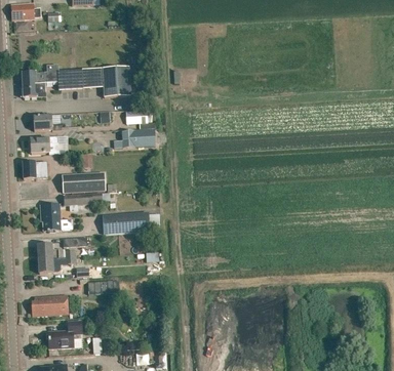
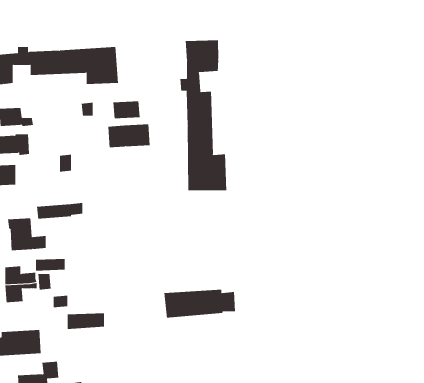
building: none -> [180,39,227,191]
building: [63,171,106,193] -> none
building: [103,211,161,235] -> [164,289,236,318]

